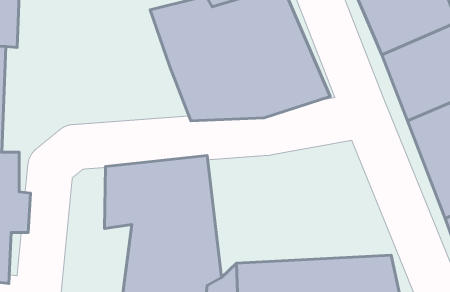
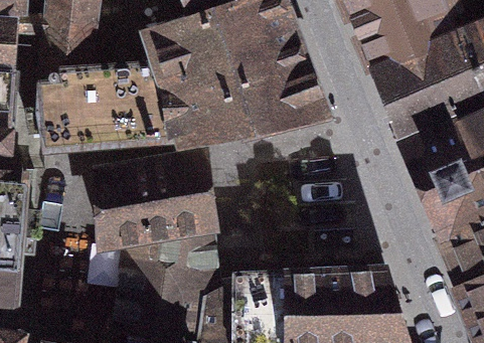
building: none -> [47,27,190,148]

